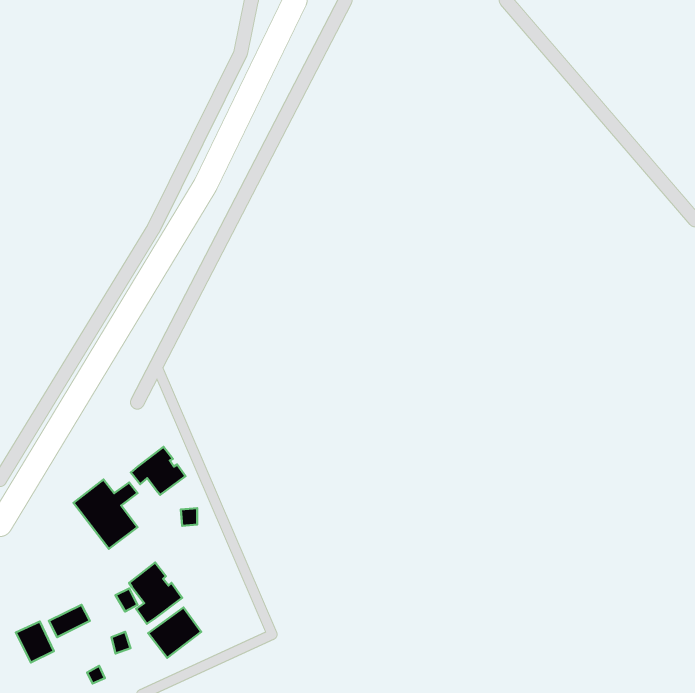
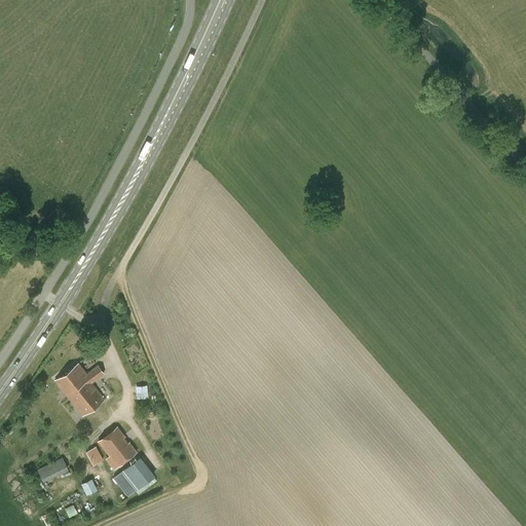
building: [131,447,185,495] -> none
building: [16,622,54,663] -> none

